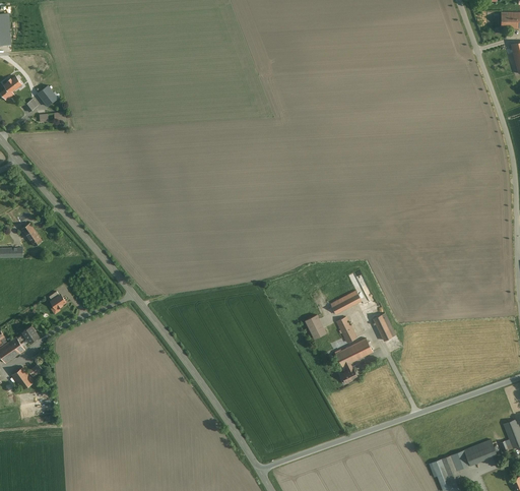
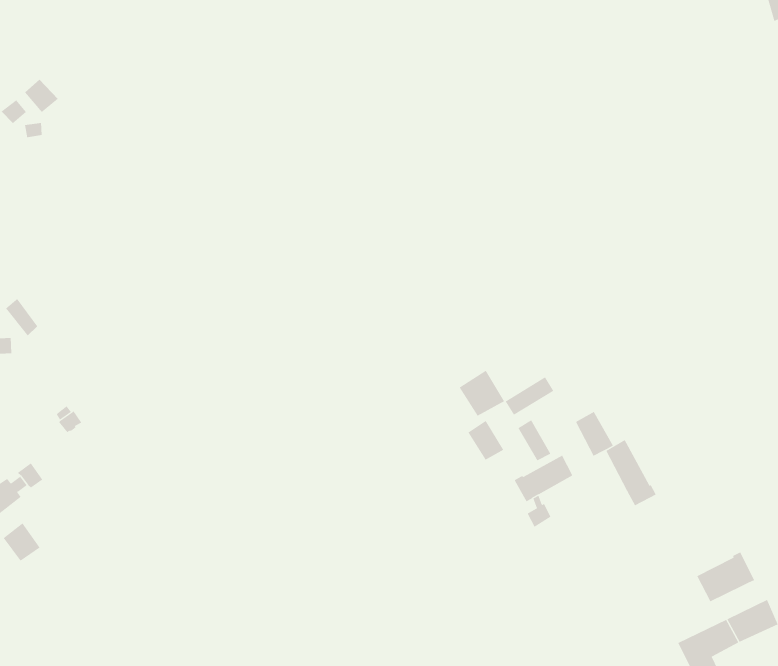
building: none -> [459,370,505,417]
building: none -> [605,439,657,506]
building: none -> [697,551,755,602]

